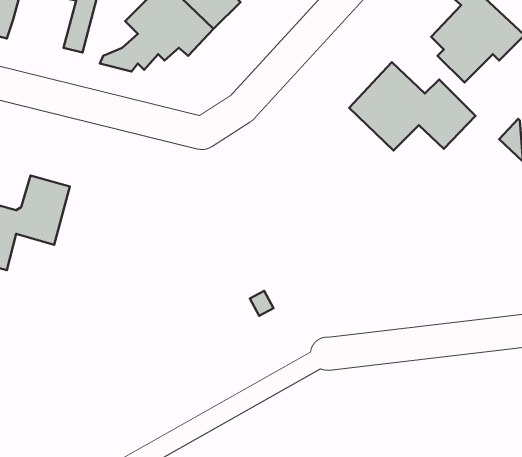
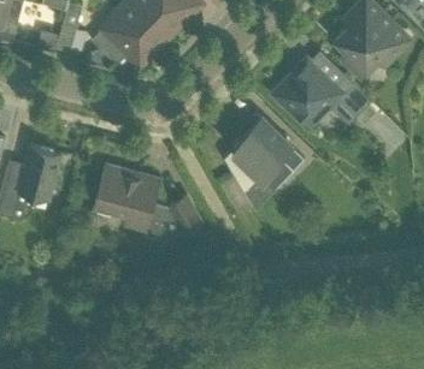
building: none -> [224,113,304,192]
building: none -> [94,165,202,237]

